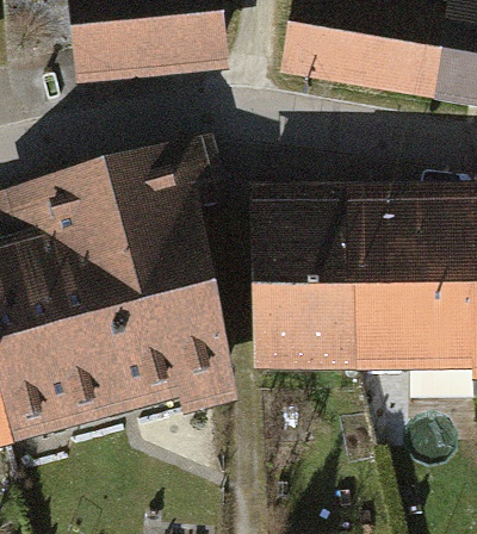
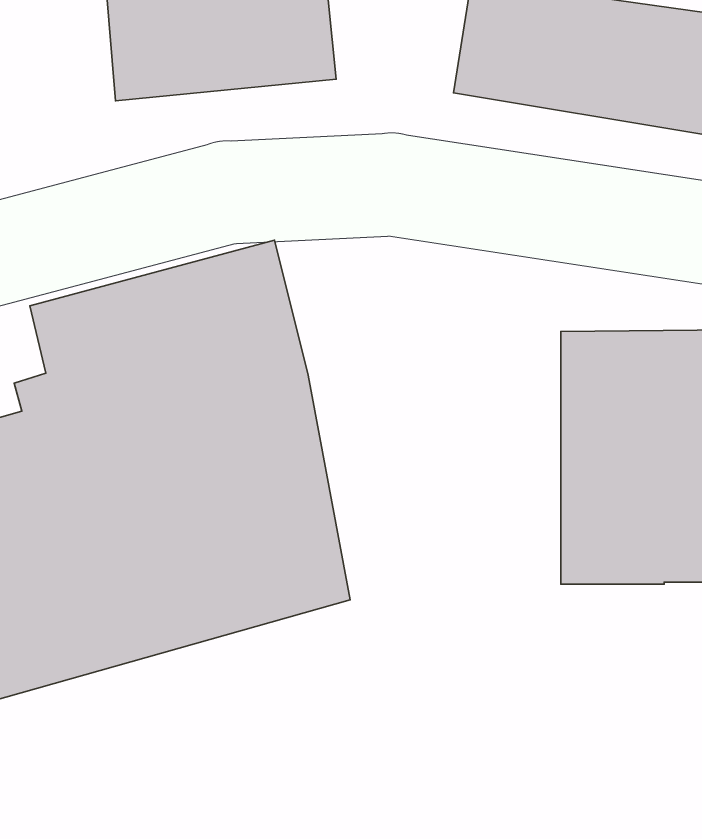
building: [259,211,353,364] -> none

